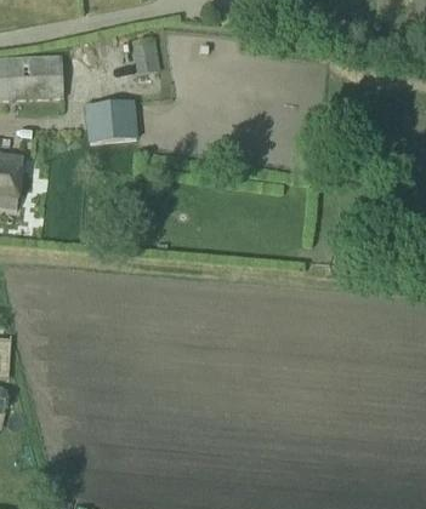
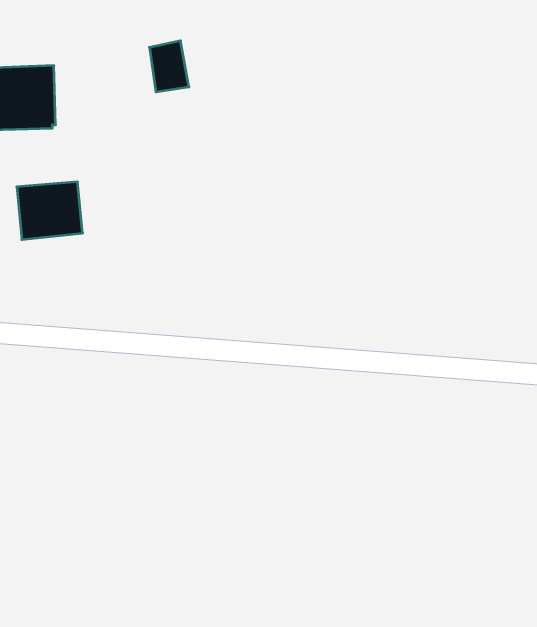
building: [87,99,136,142] -> [17,182,83,240]

